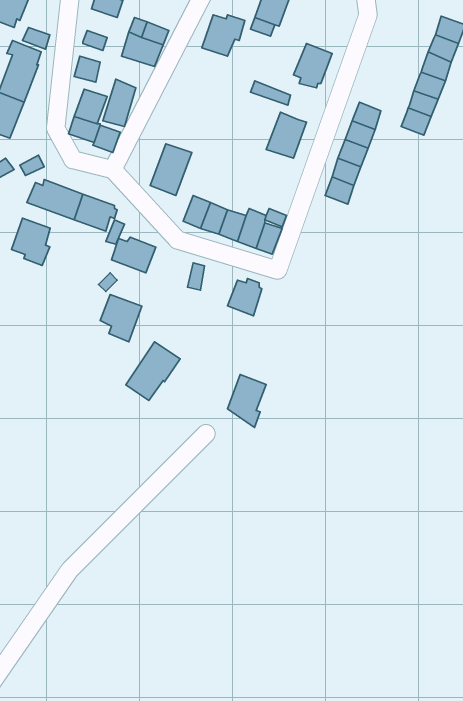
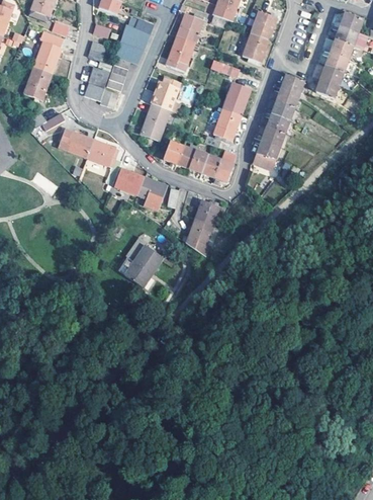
building: none -> [251,10,278,39]
building: none -> [169,35,195,70]
building: none -> [115,41,144,63]
building: none -> [152,78,181,109]
building: none -> [204,107,242,147]
building: none -> [255,140,280,166]
building: [11,218,50,265] -> none
building: [100,295,142,342] -> [137,176,167,210]
building: [227,375,266,428] -> [186,218,213,255]

